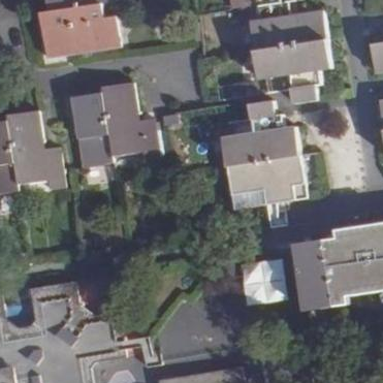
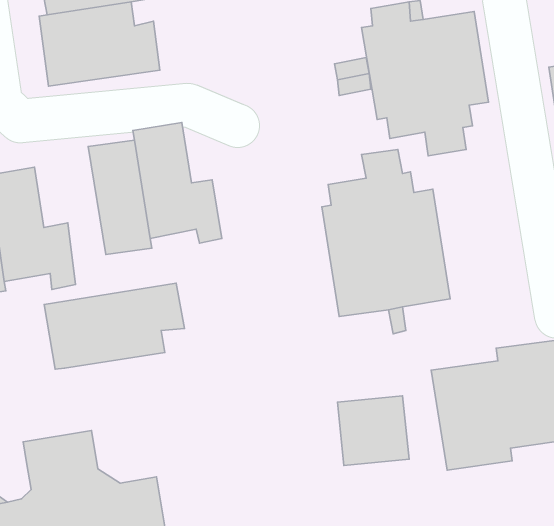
building: none -> [44,283,184,369]

